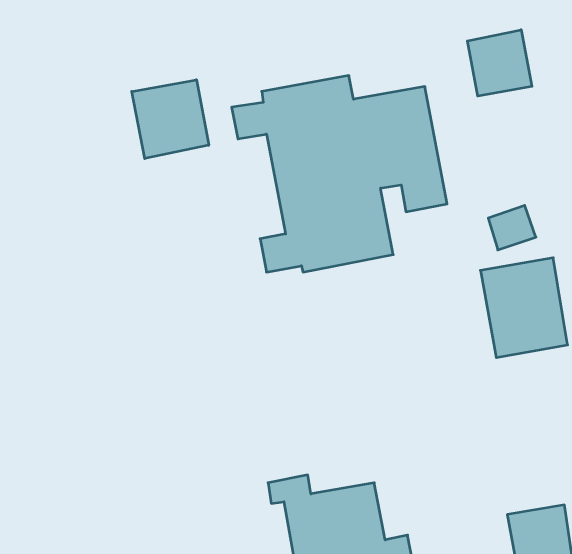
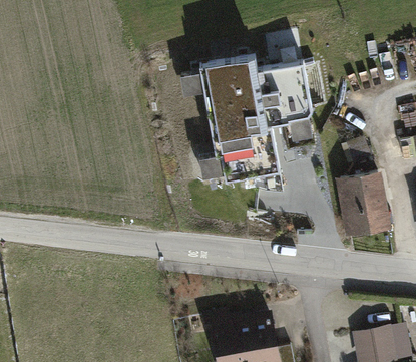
building: [467,30,532,96] -> none
building: [132,80,209,159] -> none

